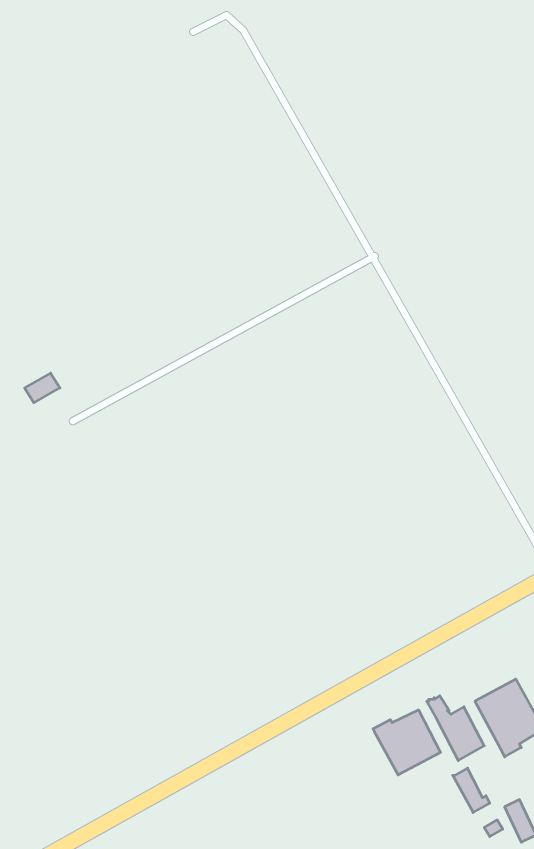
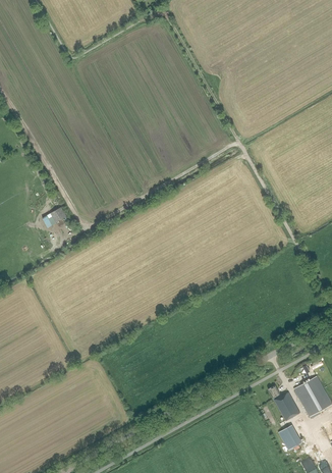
building: [373,710,441,775] -> none

